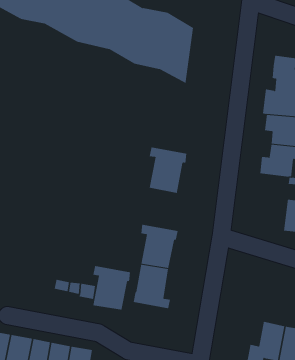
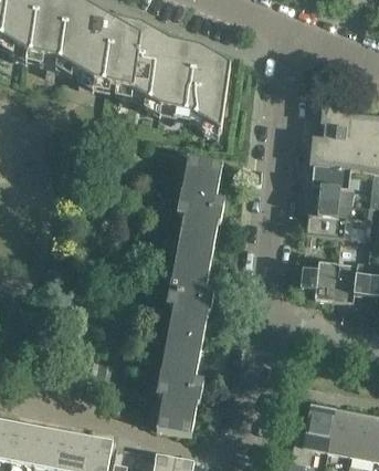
building: none -> [179,158,223,211]
building: none -> [168,251,213,301]
building: none -> [299,255,337,301]
building: [93,265,131,310] -> [156,384,200,436]

